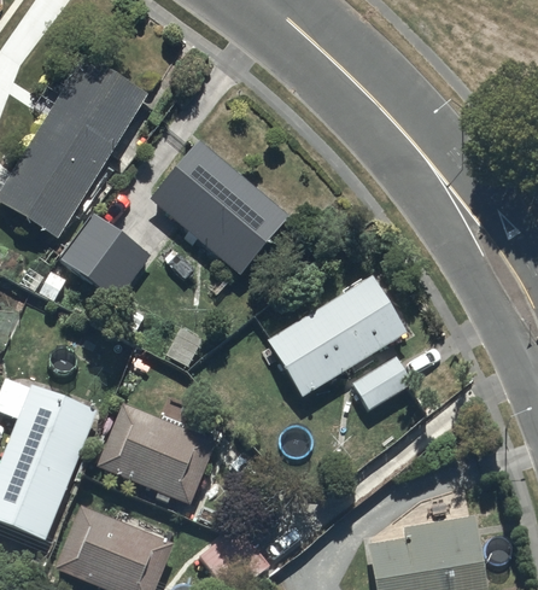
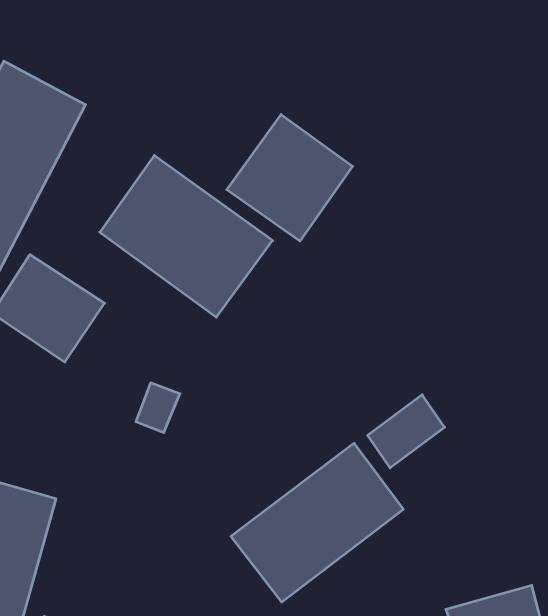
building: none -> [227,114,353,241]
building: [265,274,407,397] -> [231,443,403,602]
building: [97,402,215,506] -> none

